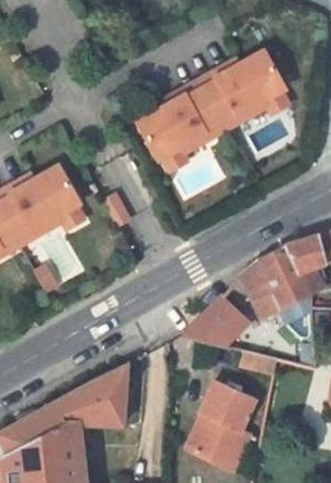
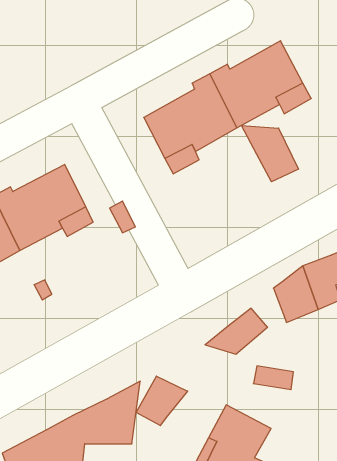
building: none -> [242,125,298,182]
building: none -> [136,376,188,426]

